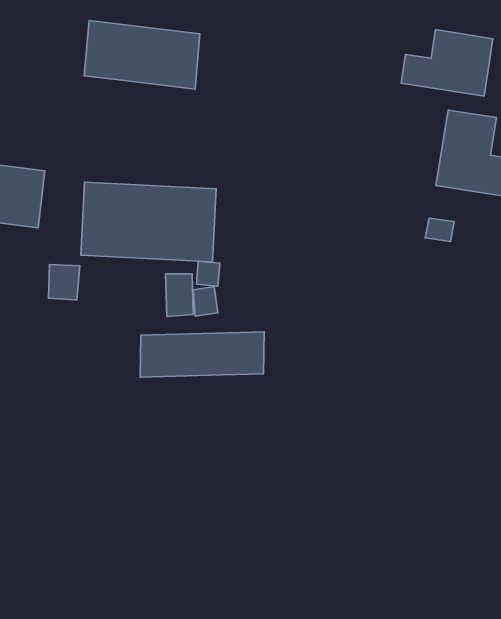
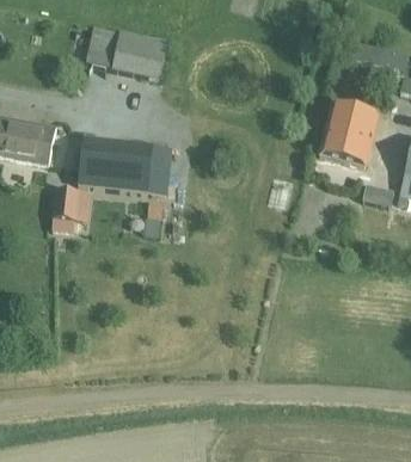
building: [401,30,493,96] -> none
building: [140,332,264,377] -> none

